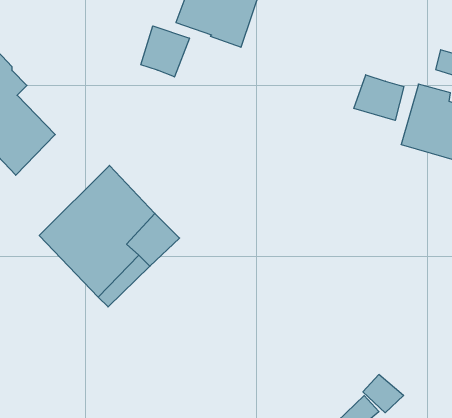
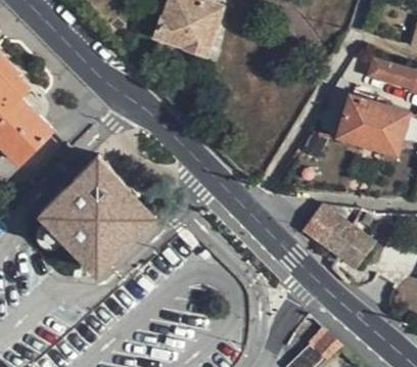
building: [141,26,189,77] -> none
building: [354,75,404,120] -> none
building: none -> [303,205,373,269]

